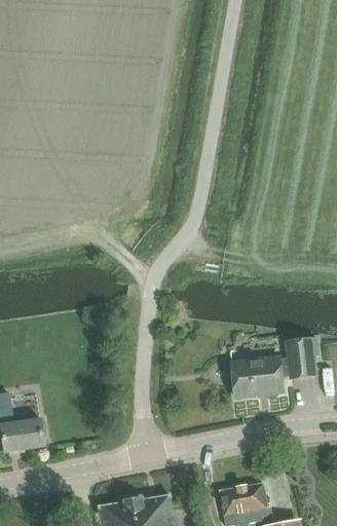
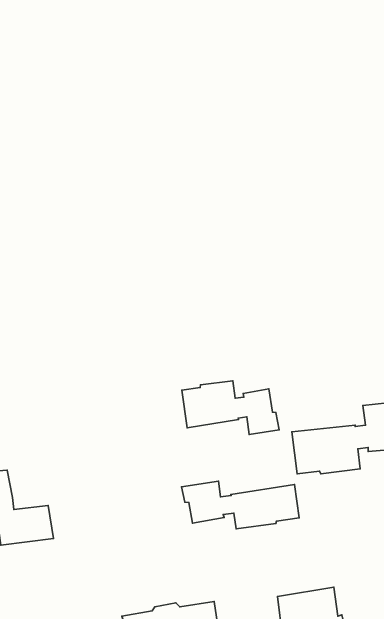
building: none -> [182,381,279,435]
building: none -> [181,481,299,529]

